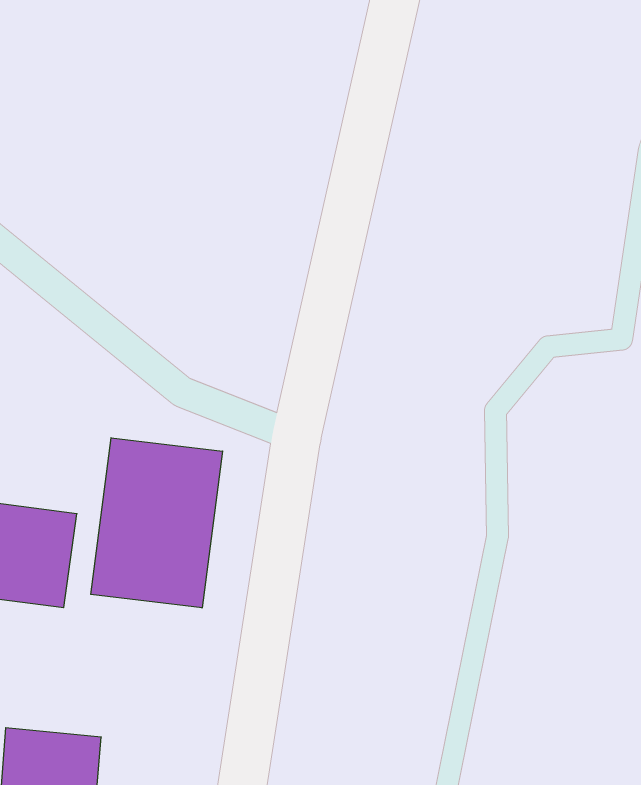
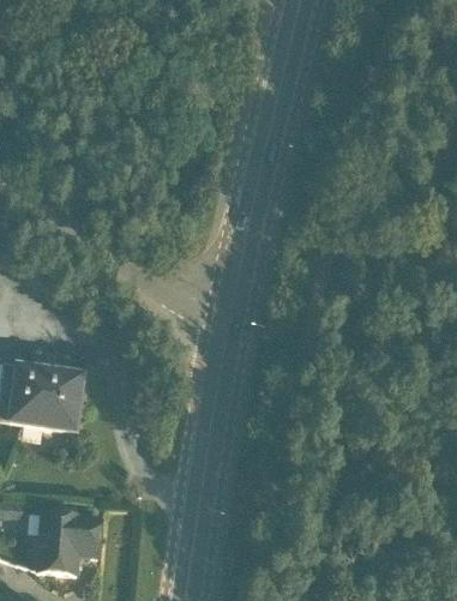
building: [91,438,223,608] -> none

